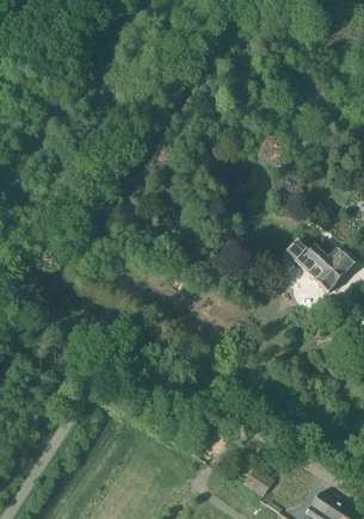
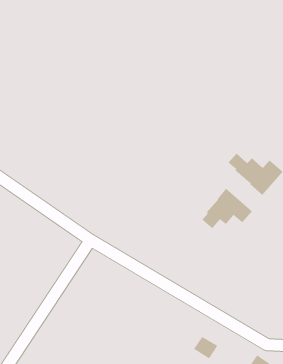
building: none -> [201,188,253,229]

